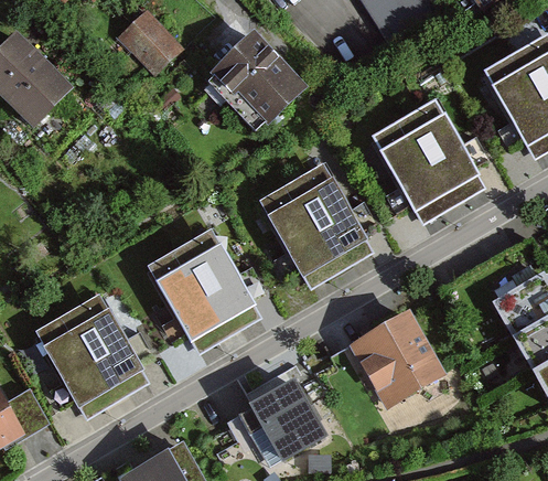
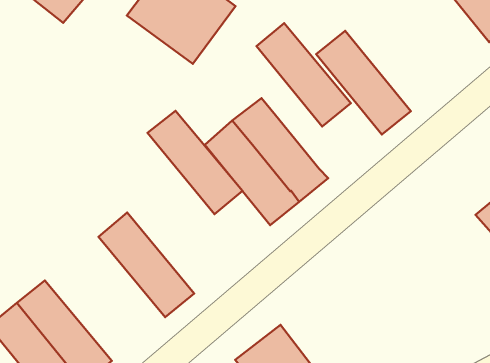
building: [404,104,480,203] -> [256,23,351,127]
building: [179,234,255,333] -> [148,111,242,214]
building: [352,307,447,403] -> none

